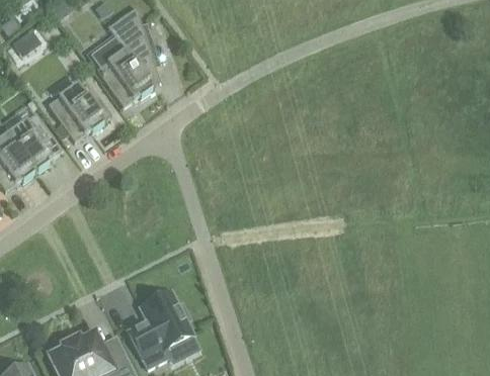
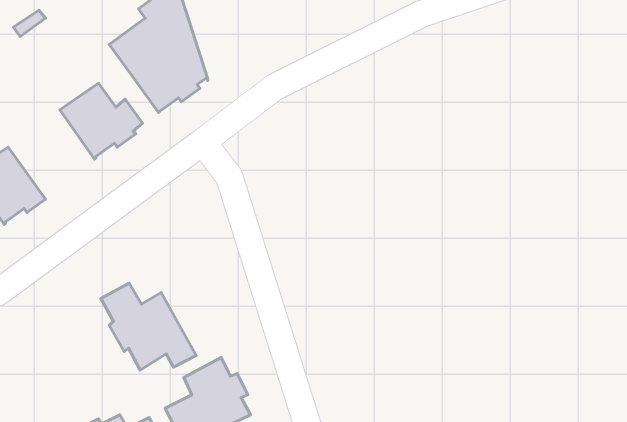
building: [8,112,62,171] -> none
building: none -> [101,283,196,370]

